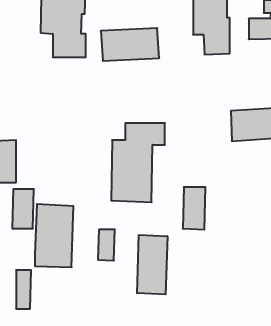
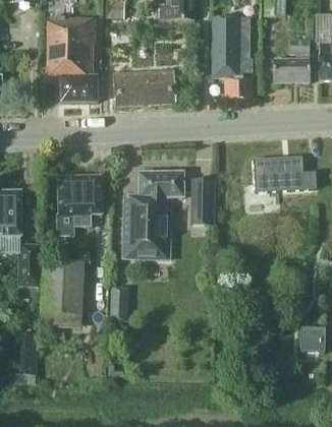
building: none -> [58,174,102,230]
building: [183,187,205,230] -> [190,178,215,224]
building: [137,235,167,294] -> none

